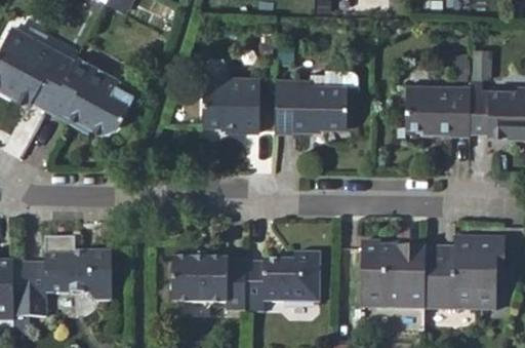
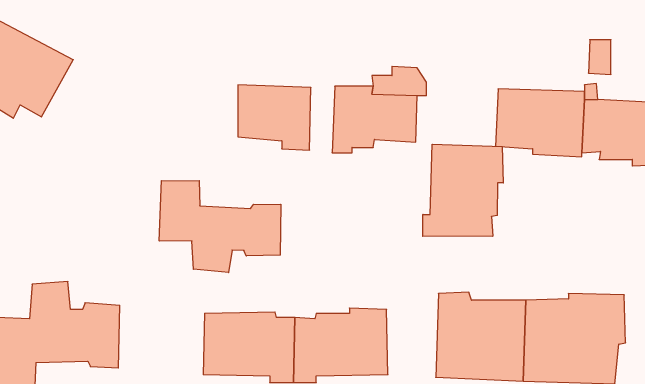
building: [49,55,138,131] -> none
building: none -> [423,144,503,236]
building: none -> [159,181,281,273]

